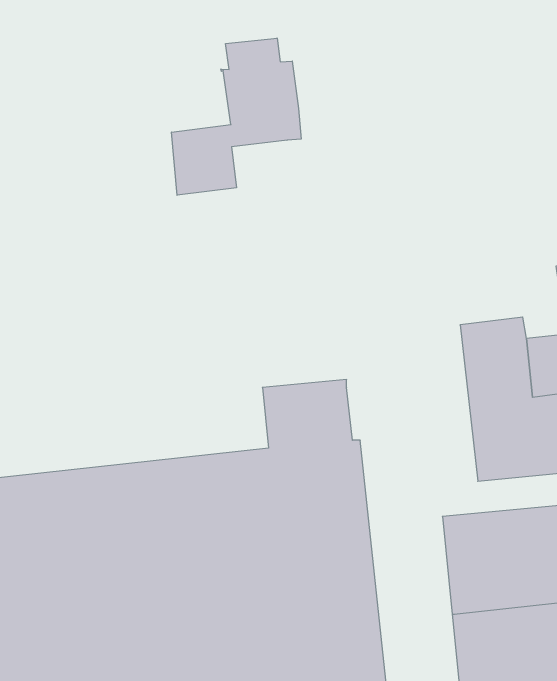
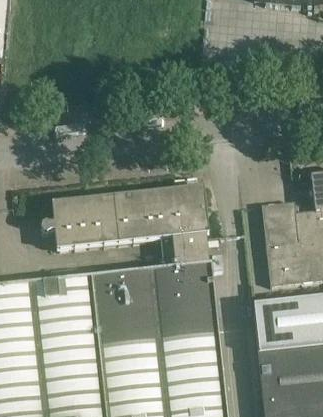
building: [172,38,301,195] -> none
building: none -> [40,187,207,246]

